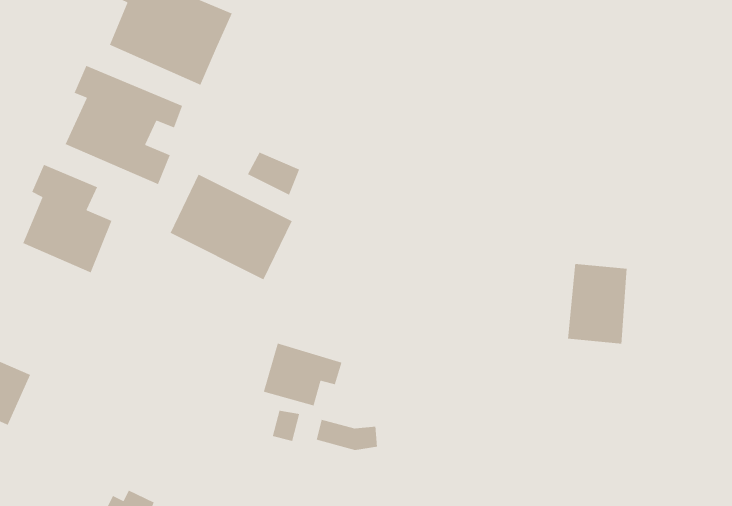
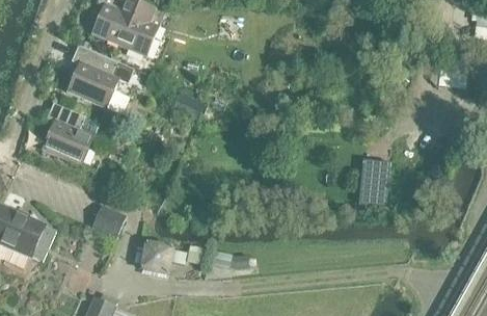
building: [170,173,293,281] -> none
building: none -> [92,205,125,236]
building: [263,343,342,406] -> [137,239,184,276]

